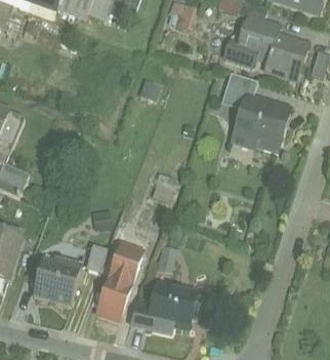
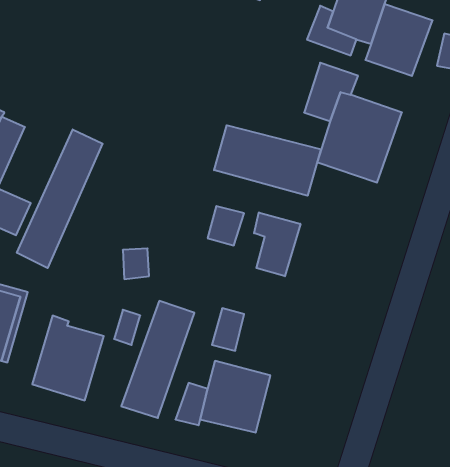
building: none -> [214,125,321,196]
building: none -> [17,129,103,268]
building: none -> [254,212,300,276]

